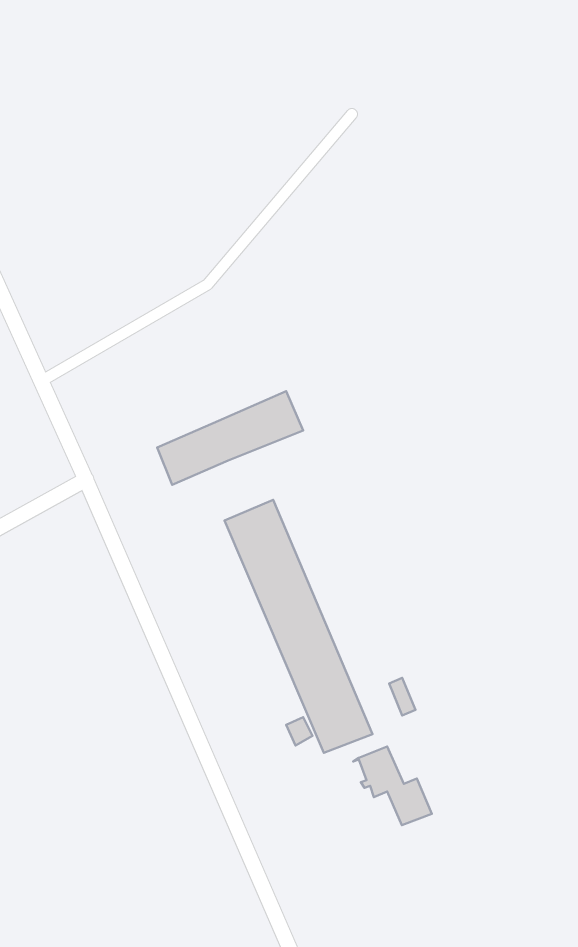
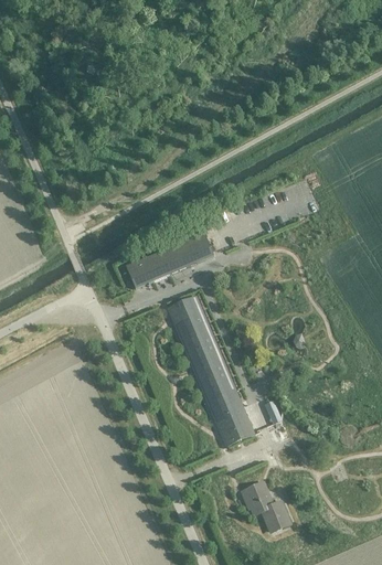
building: [353,747,432,825] -> [242,483,288,530]

